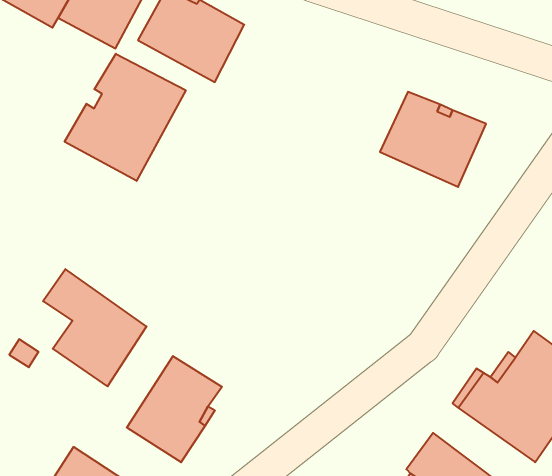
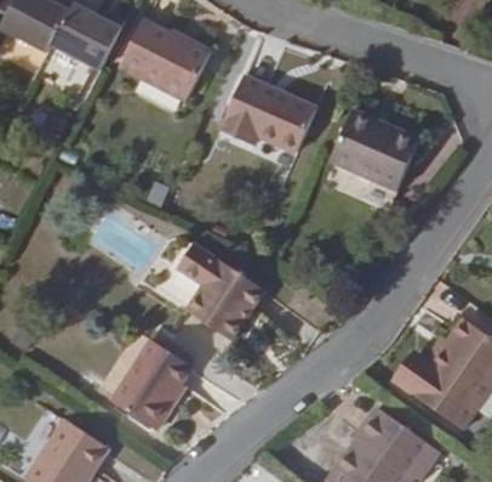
building: [65,54,186,181] -> none
building: none -> [219,76,316,155]
building: [43,269,147,386] -> [177,240,267,342]

